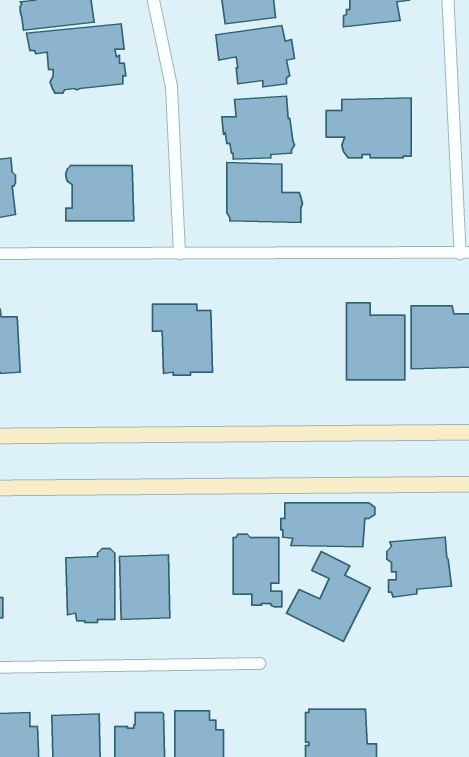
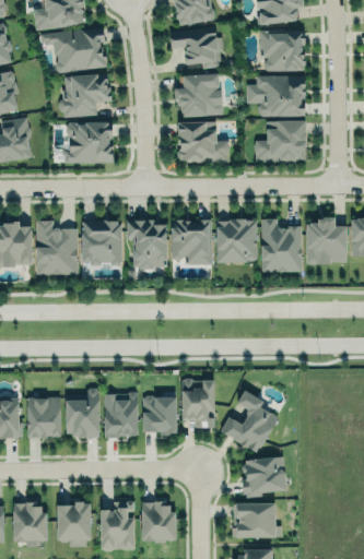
building: none -> [260,32,305,73]
building: none -> [58,74,111,118]
building: none -> [254,122,306,163]
building: none -> [171,218,212,265]
building: none -> [216,218,257,263]
building: none -> [36,221,78,275]
building: none -> [82,221,122,266]
building: [281,503,375,547] -> none
building: [387,537,451,597] -> [240,454,285,496]
building: none -> [142,395,176,436]
building: none -> [27,399,61,440]

